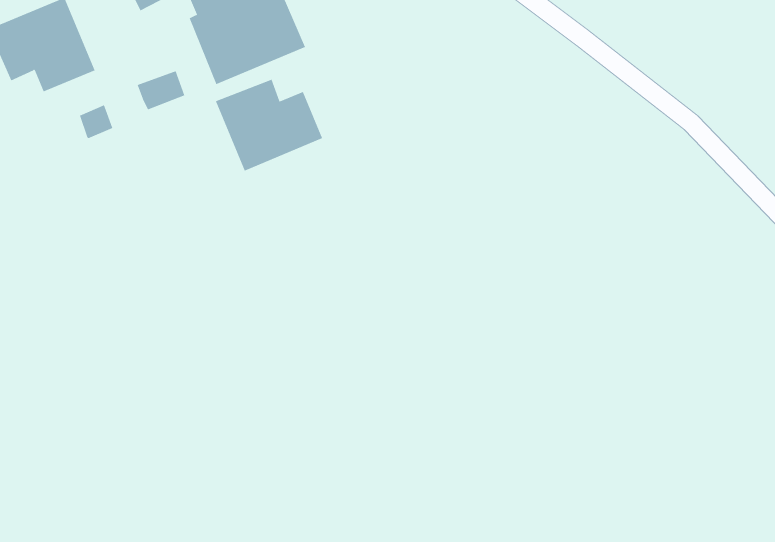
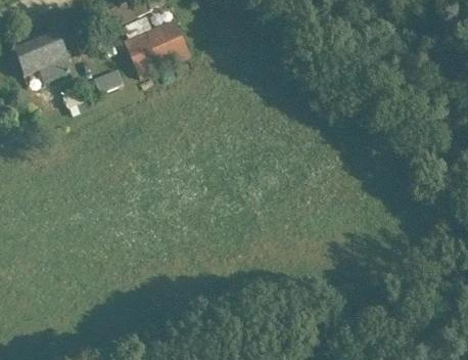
building: [215,79,323,171] -> none

